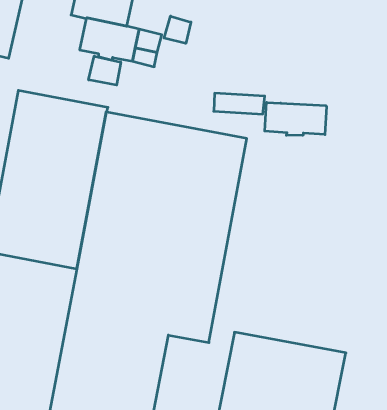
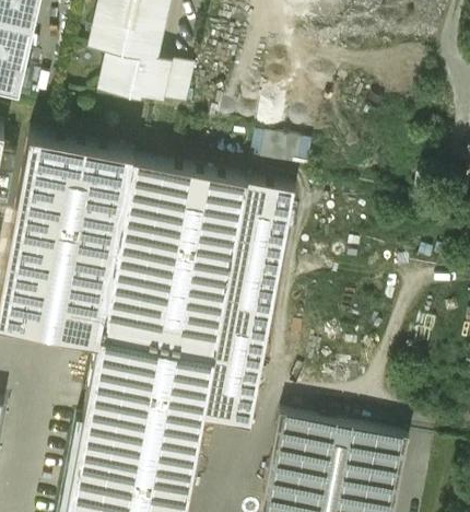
building: [164,16,191,43] -> none
building: [89,56,121,85] -> none
building: [265,102,327,135] -> none

